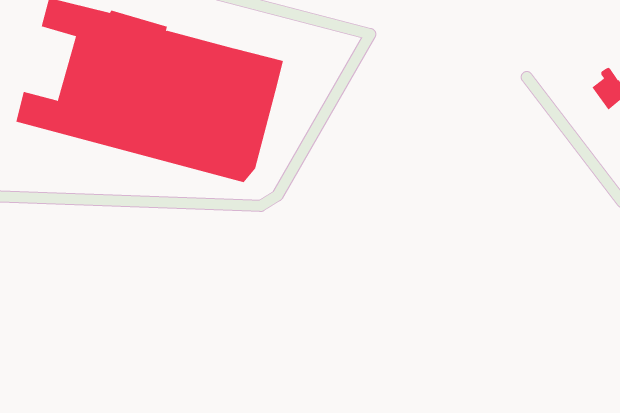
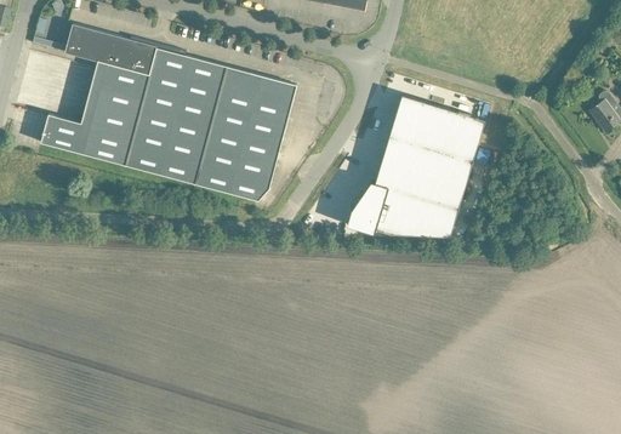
building: none -> [346,95,484,236]

